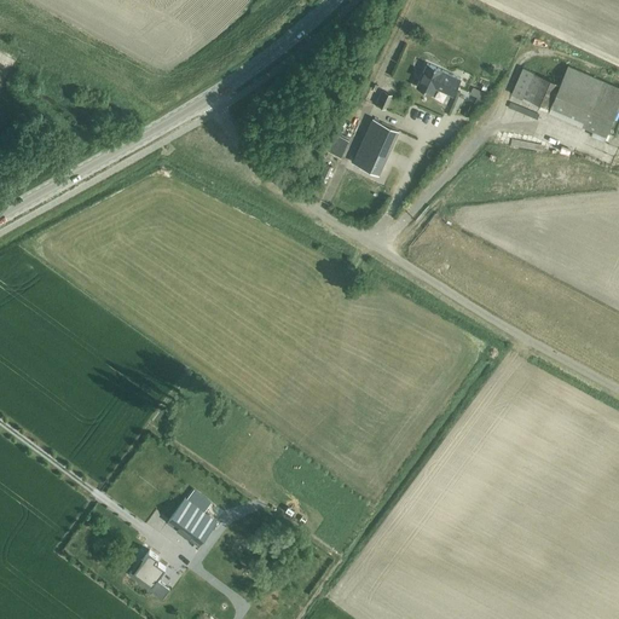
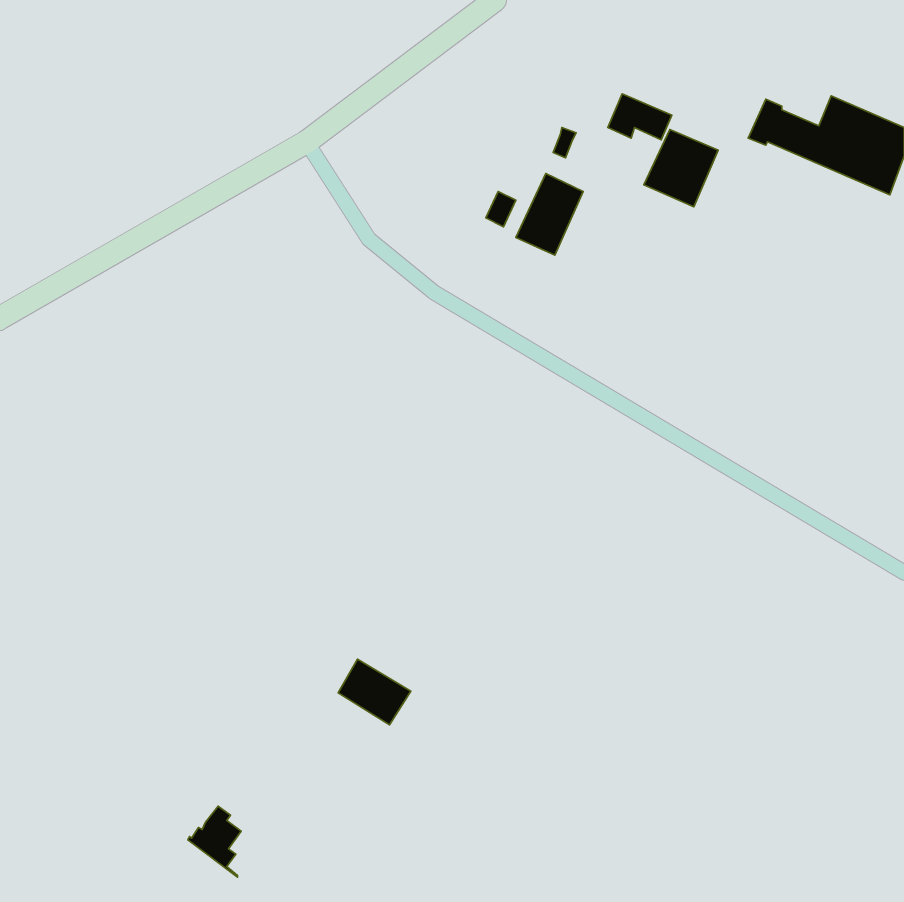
building: none -> [644,130,718,207]
building: [170,496,220,540] -> [338,659,411,725]

